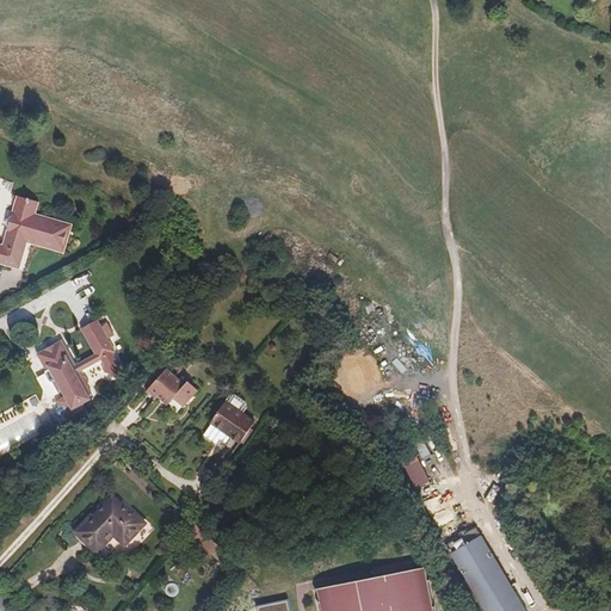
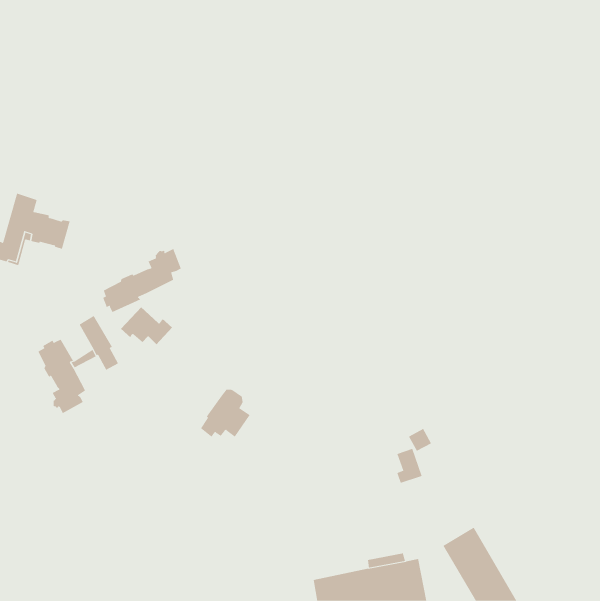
building: none -> [102,248,181,313]
building: [144,369,198,408] -> [120,306,173,345]
building: [74,496,146,554] -> none

